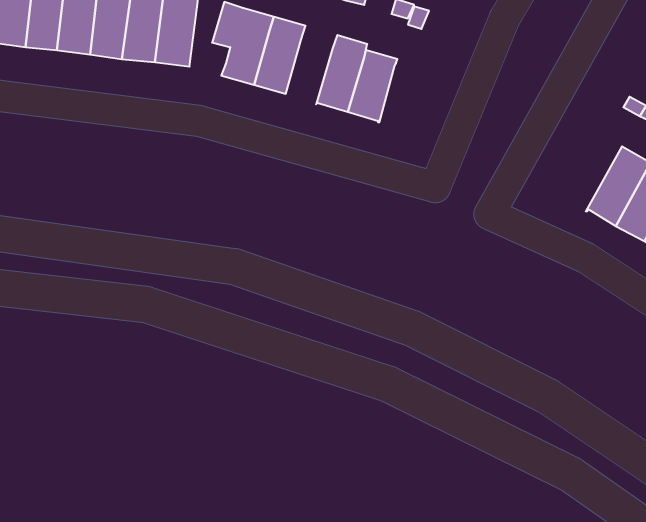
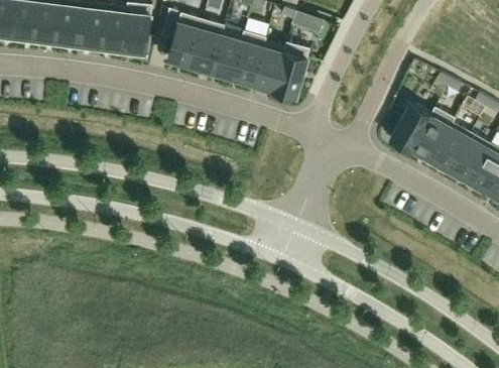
building: none -> [211,36,242,80]
building: none -> [273,44,309,101]
building: none -> [391,104,435,153]

